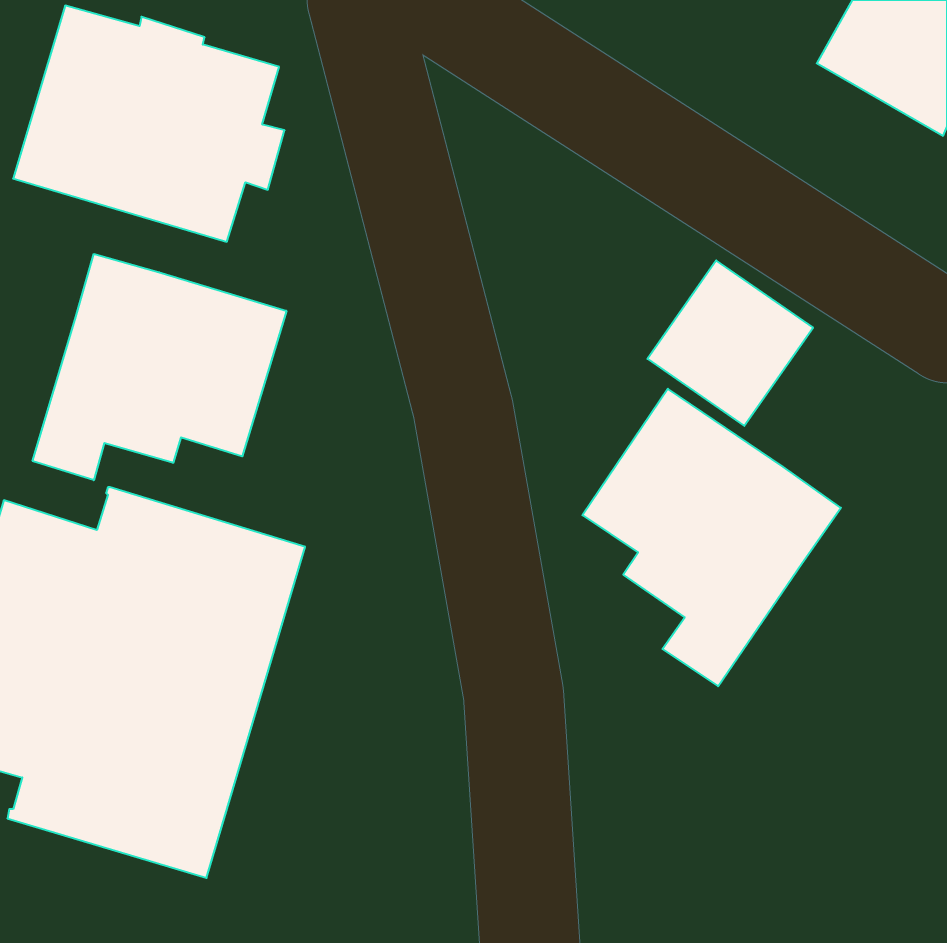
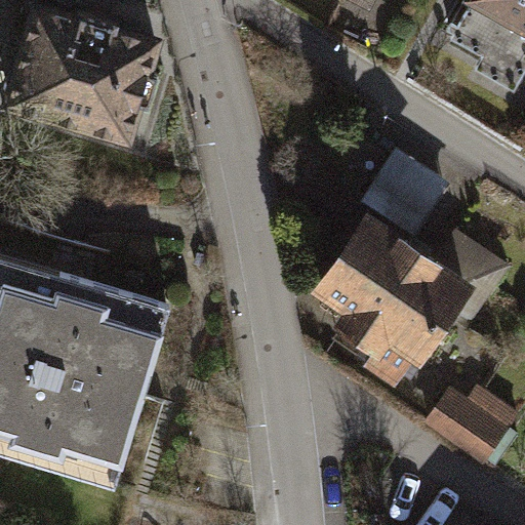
building: [33,254,286,480] -> none
building: none -> [432,229,509,330]
building: none -> [428,393,517,462]

